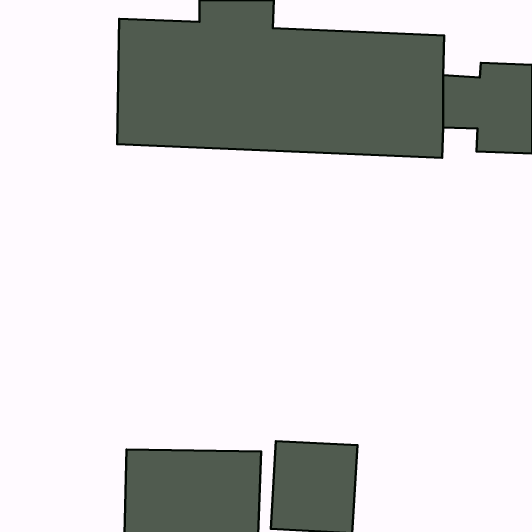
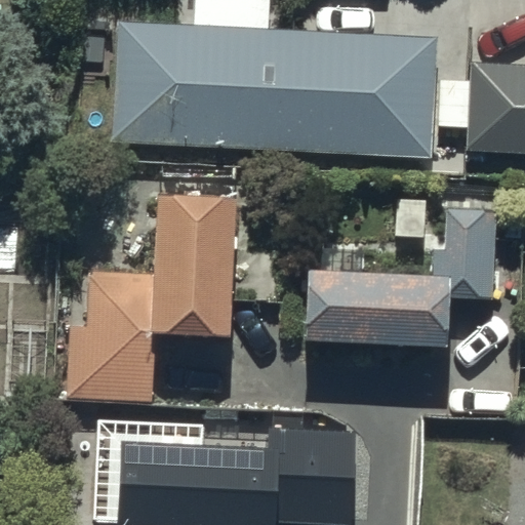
building: none -> [67,191,234,399]
building: none -> [307,209,494,344]

